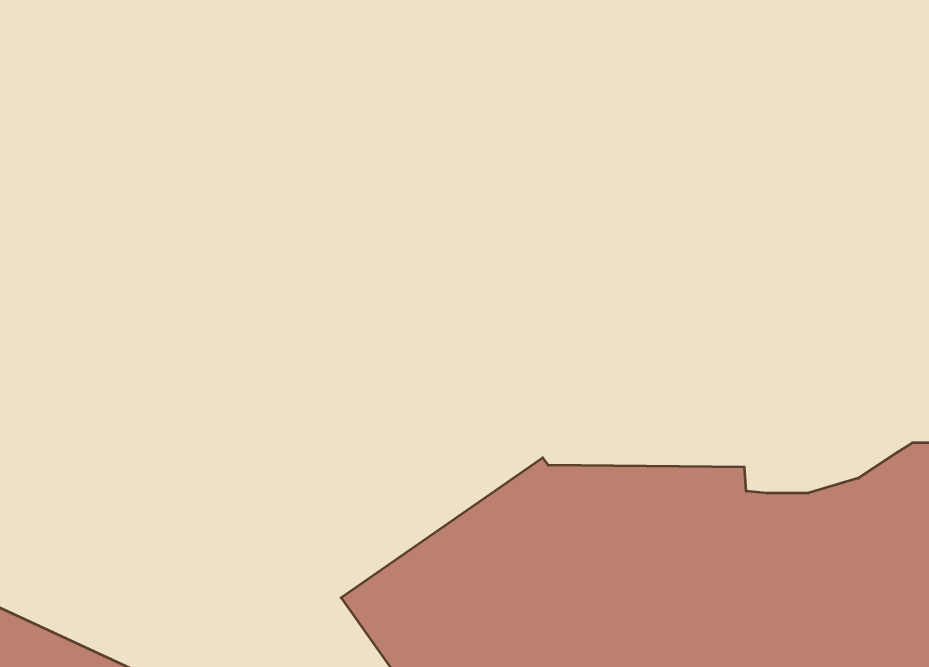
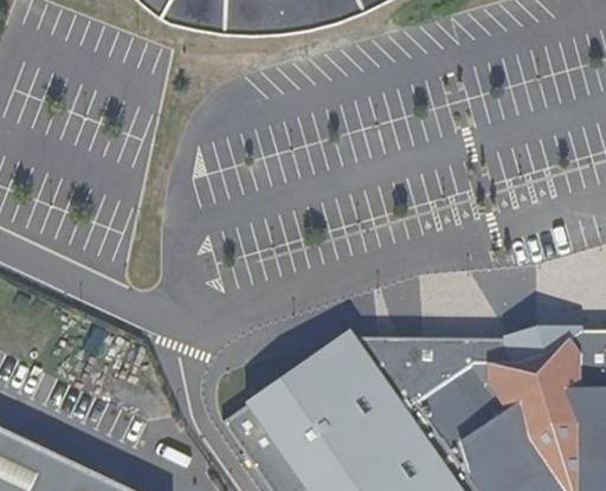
building: none -> [489,323,572,355]

